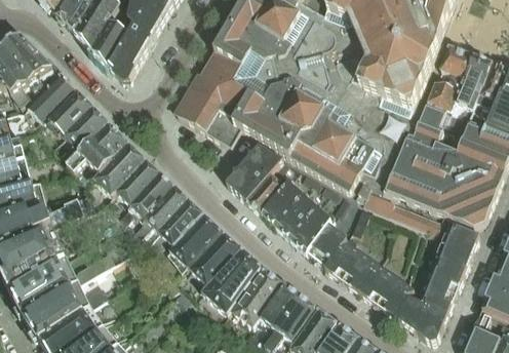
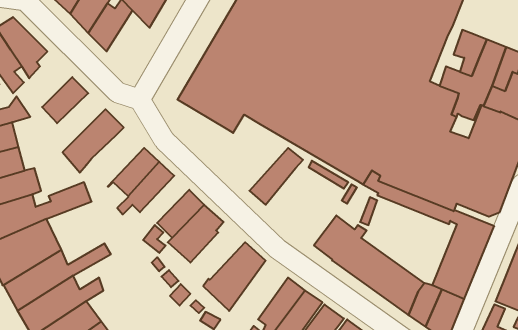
building: [109,27,150,74] -> none
building: [23,73,75,128] -> none
building: [61,106,108,162] -> none
building: [89,141,145,195] -> none
building: [226,143,282,199] -> none
building: [261,178,331,252] -> none
building: [129,185,188,239] -> none
building: [189,232,241,284] -> none
building: [231,268,282,325] -> none

